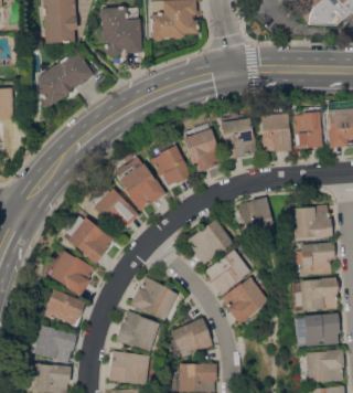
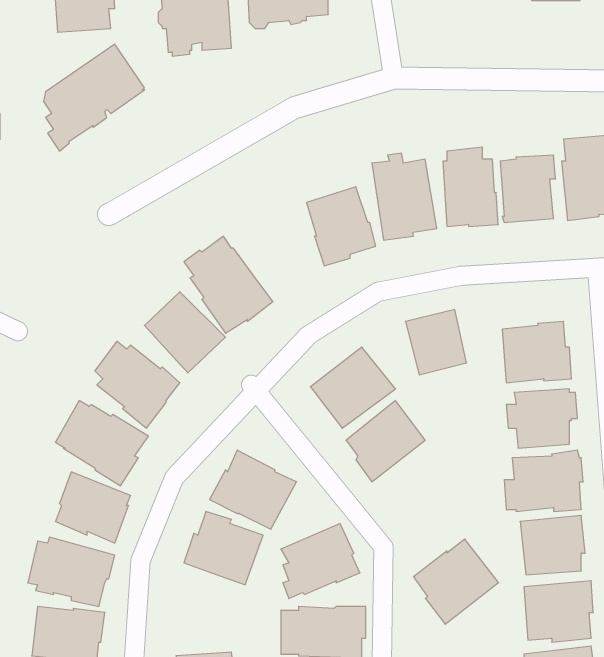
building: [151,145,191,189] -> none
building: [222,276,269,323] -> [414,539,499,624]
building: [109,350,150,385] -> none

